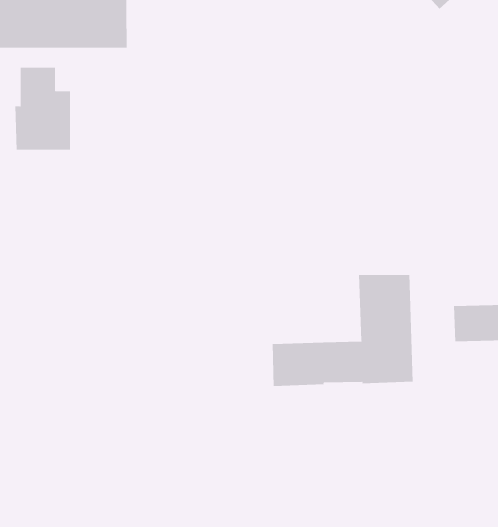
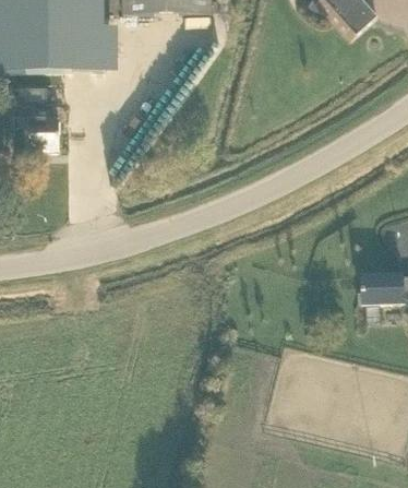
building: [272,274,413,387] -> none

